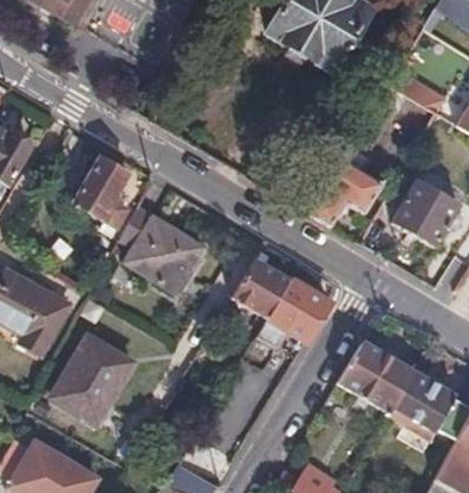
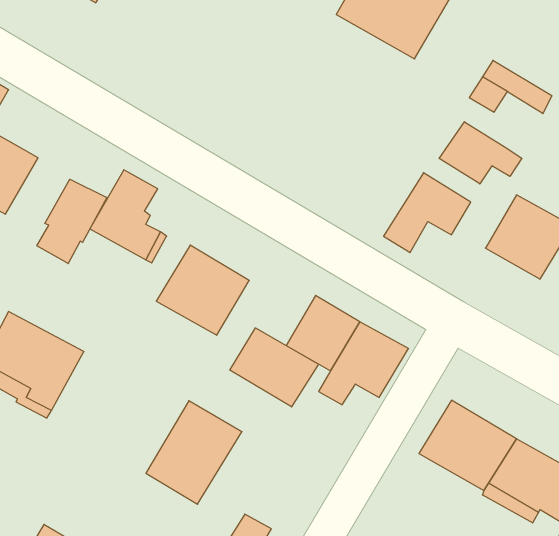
building: none -> [439,122,522,184]
building: none -> [37,179,107,264]
building: none -> [230,328,318,407]
building: [55,336,132,419] -> [146,401,242,504]

